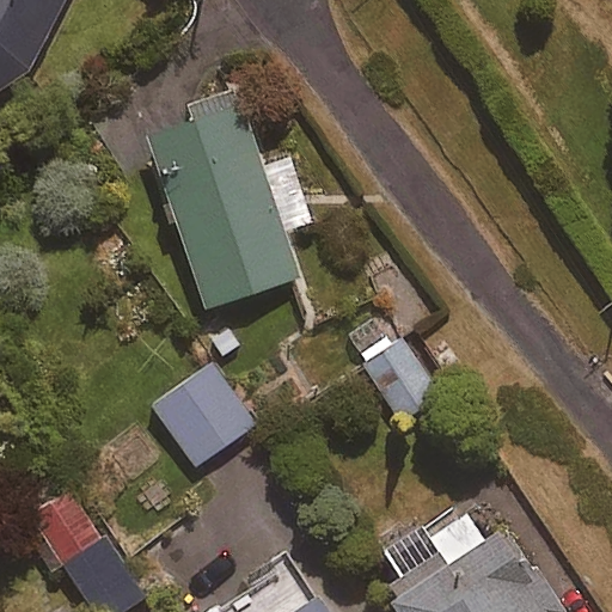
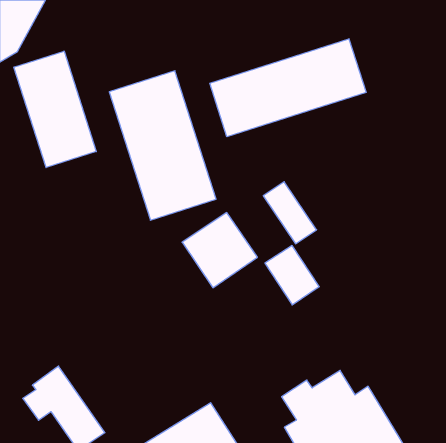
building: none -> [210,39,366,137]
building: none -> [14,51,96,168]
building: [153,367,256,470] -> [182,213,257,288]

